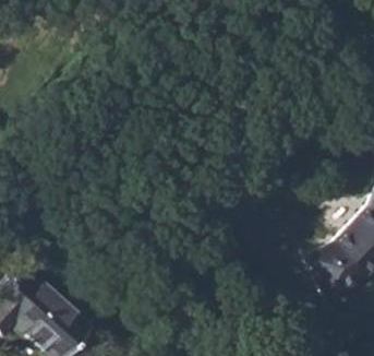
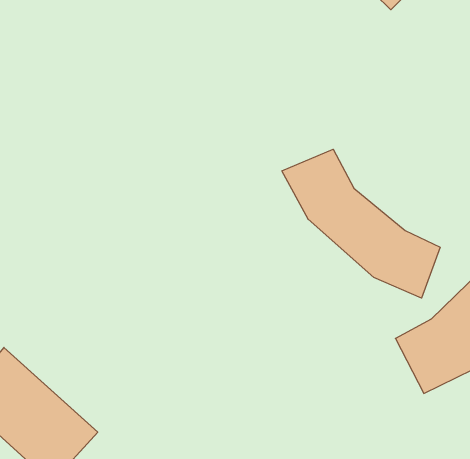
building: none -> [282,149,440,298]

